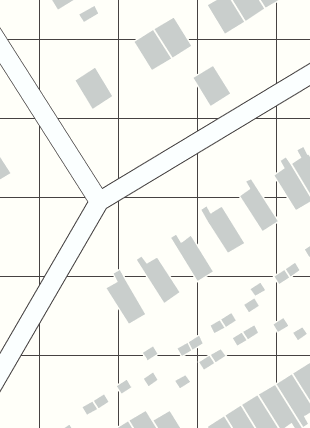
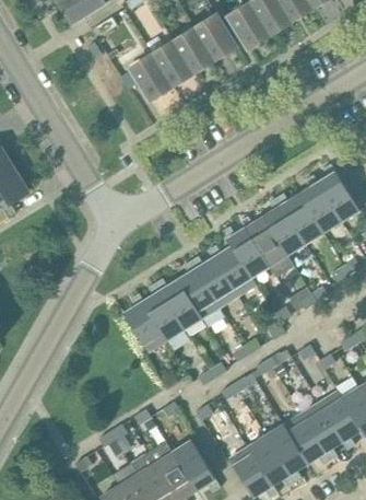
building: [193,65,231,107] -> [197,15,237,59]
building: [75,67,113,110] -> [132,55,173,100]
building: none -> [278,194,323,243]
building: none -> [243,216,295,277]
building: none -> [210,245,258,295]
building: none -> [179,260,221,317]
building: none -> [144,283,186,340]

